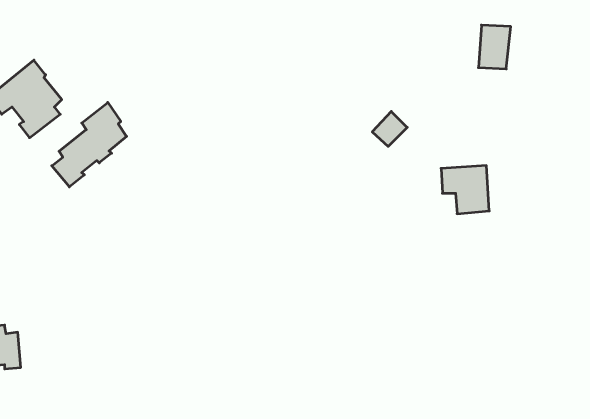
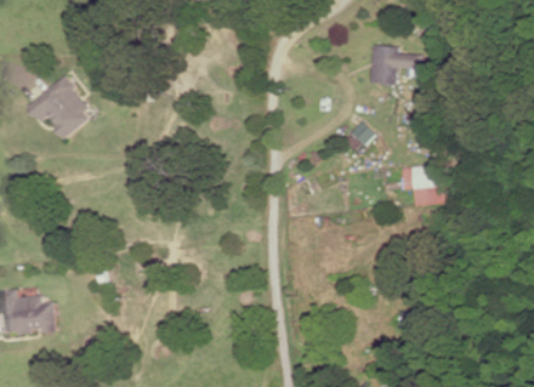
building: [478,25,511,69] -> [370,46,397,82]
building: [52,102,127,187] -> none

